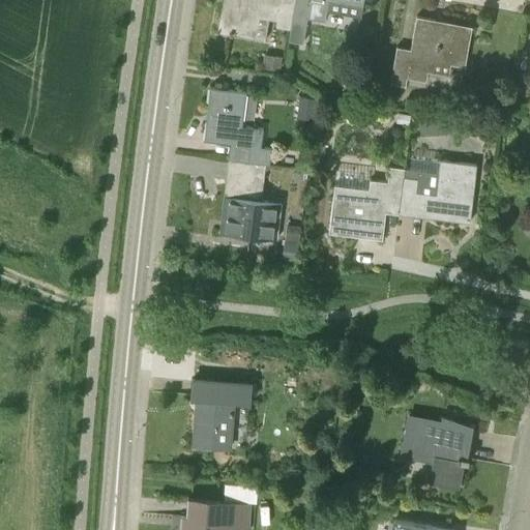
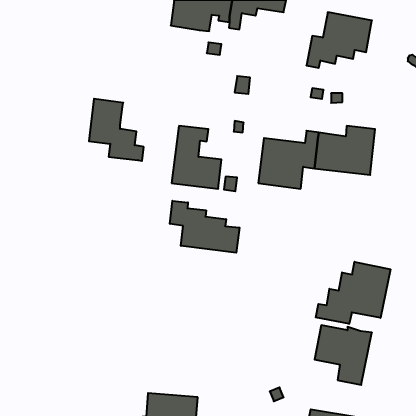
building: [204,88,273,167] -> [89,99,144,161]
building: none -> [170,201,240,253]
building: none -> [316,262,390,324]
building: [193,379,253,449] -> none

